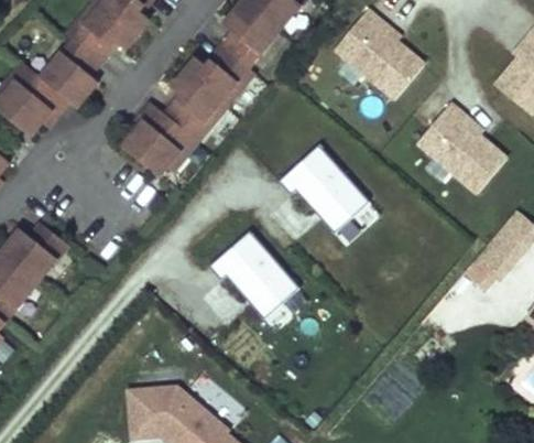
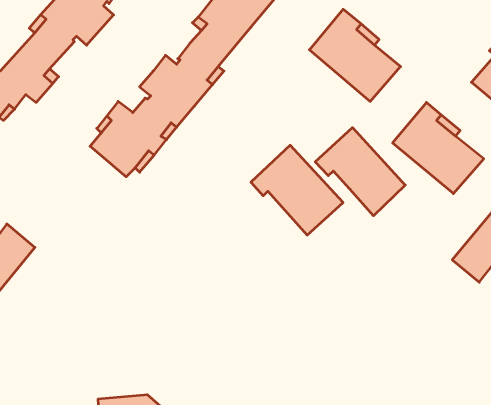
building: none -> [315,128,405,216]
building: [210,230,301,318] -> none

